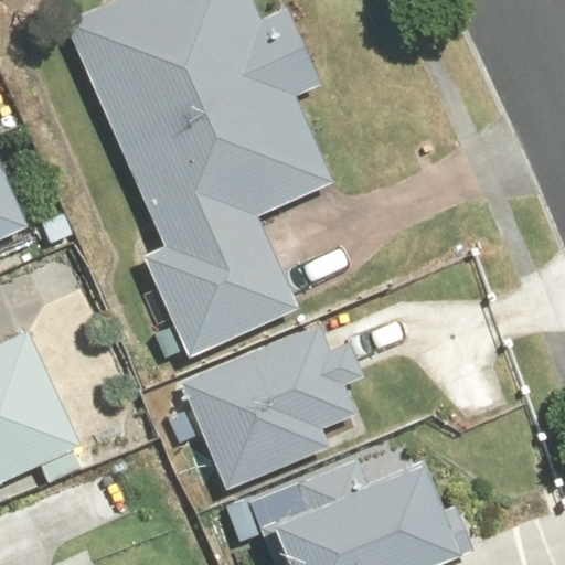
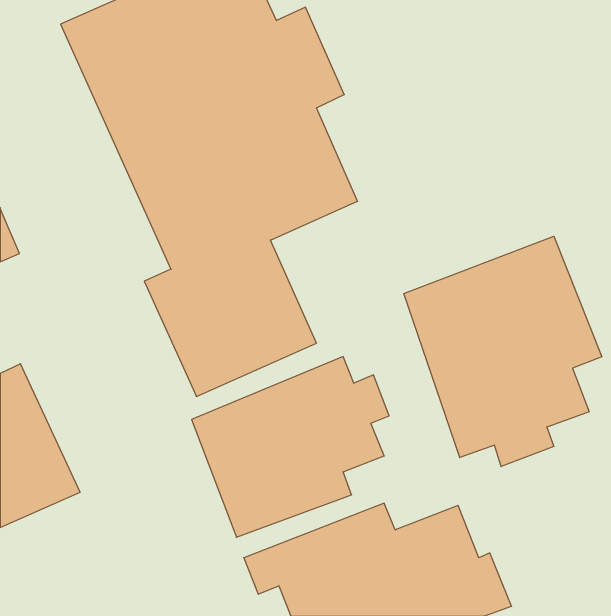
building: none -> [404,236,602,467]

